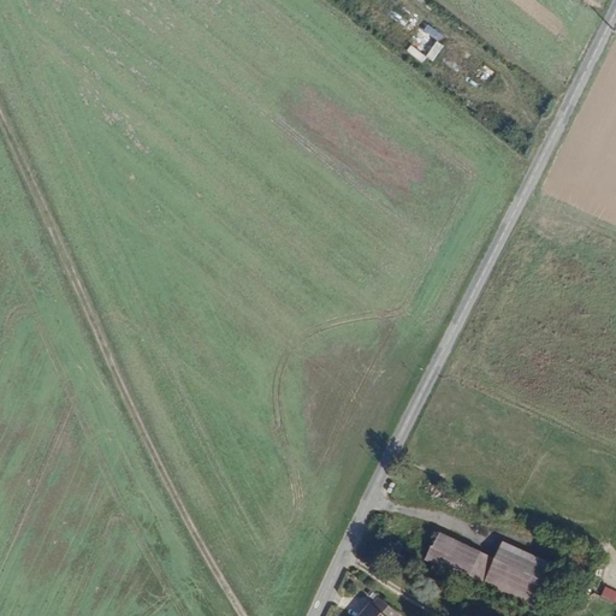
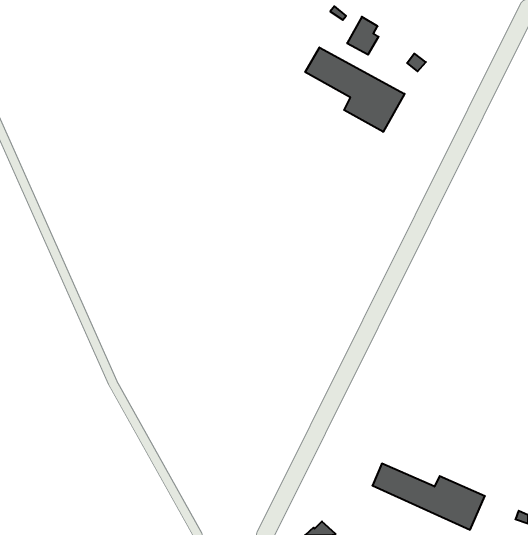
building: none -> [305,47,405,132]

